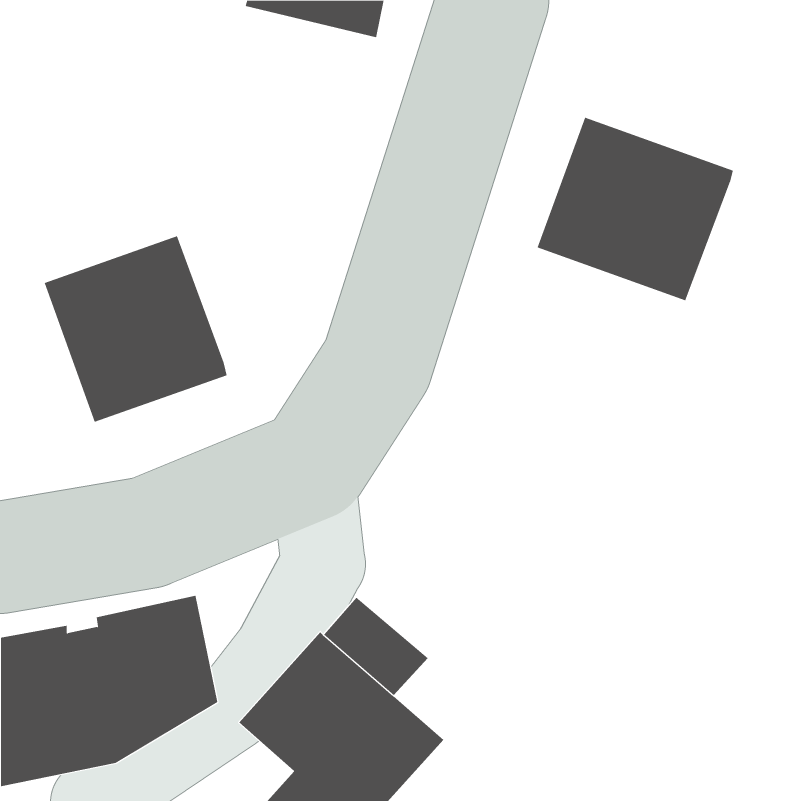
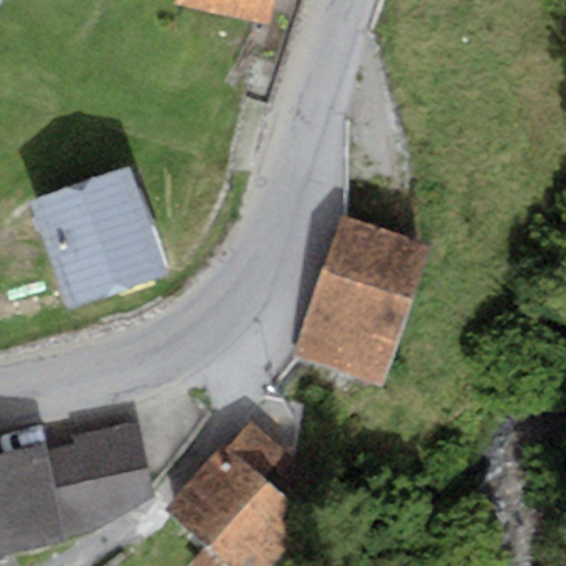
building: [537,117,733,301] -> none
building: none -> [295,218,428,378]

